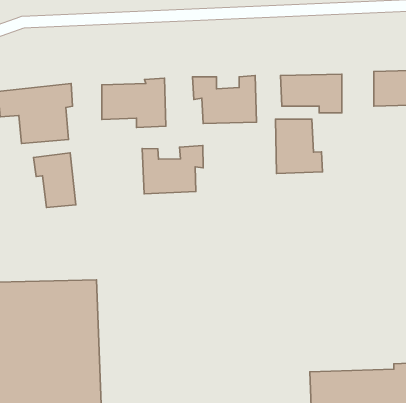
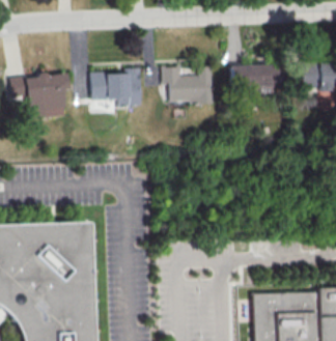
building: [275,119,322,173] -> none
building: [142,146,203,194] -> none
building: [34,153,76,207] -> none

